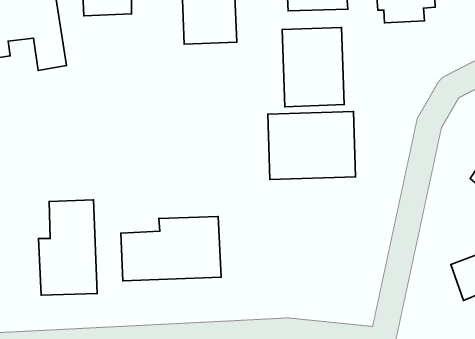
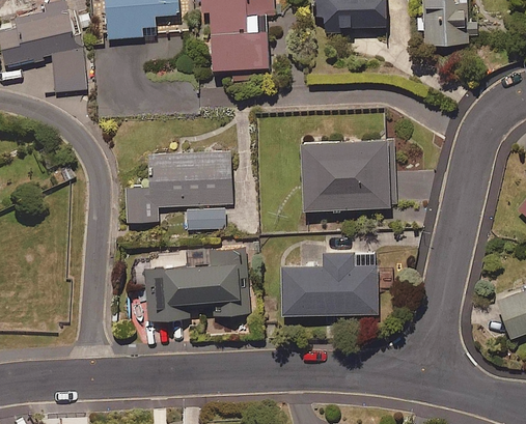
building: [282,27,344,107] -> none
building: none -> [128,153,232,231]
building: [39,200,97,295] -> none
building: none -> [282,244,392,316]

